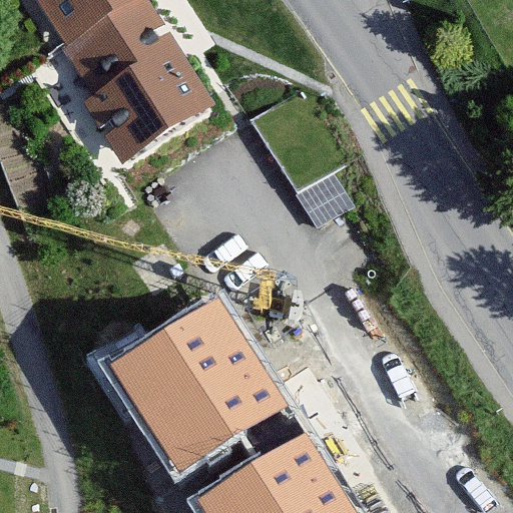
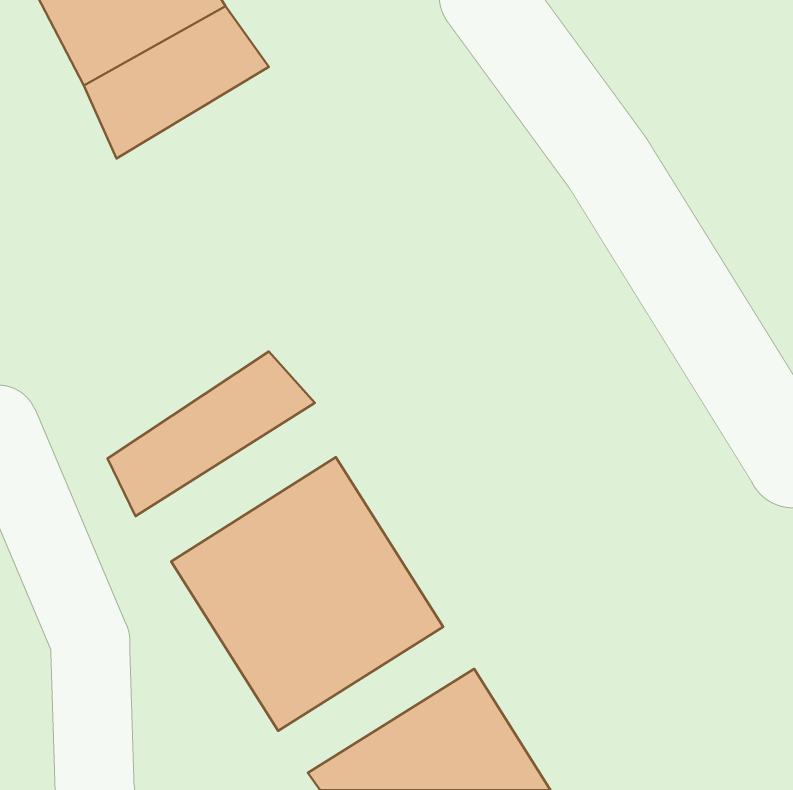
building: [75,43,212,171] -> none
building: none -> [108,351,315,516]

